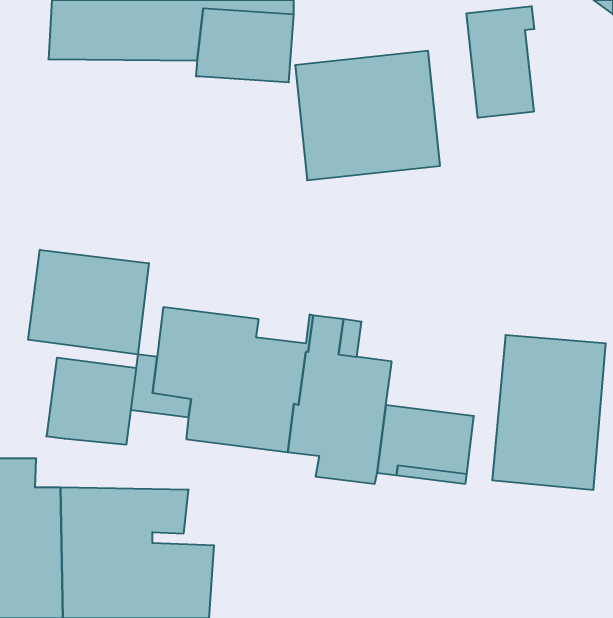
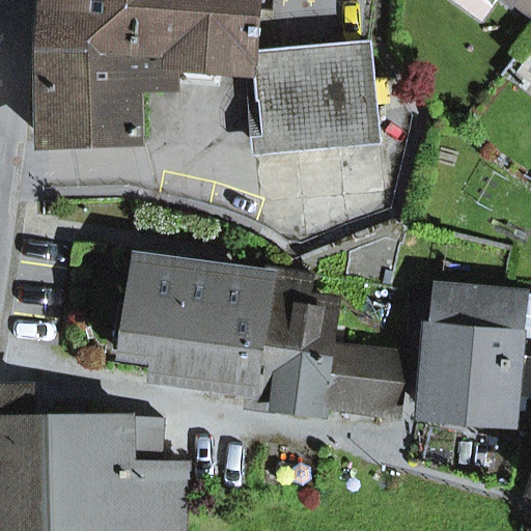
building: [467,6,534,118] -> none
building: none -> [43,51,171,143]
building: [28,250,149,354] -> none
building: [47,358,136,445] -> none

